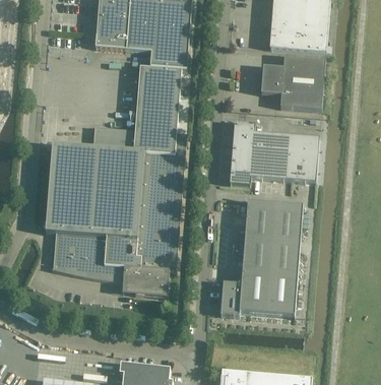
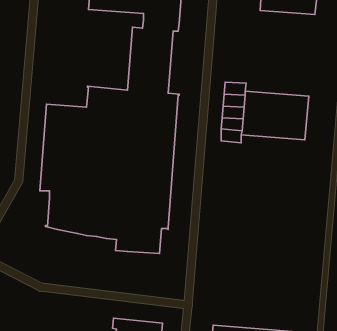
building: [260,56,325,110] -> none
building: [219,199,303,317] -> none

